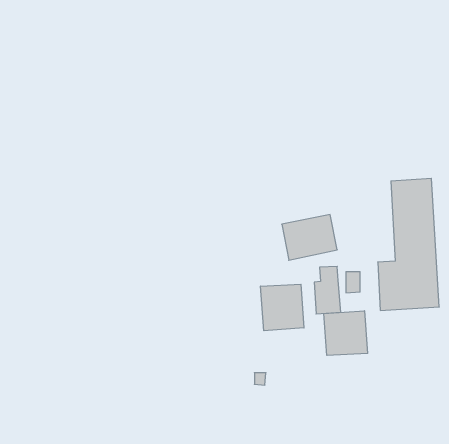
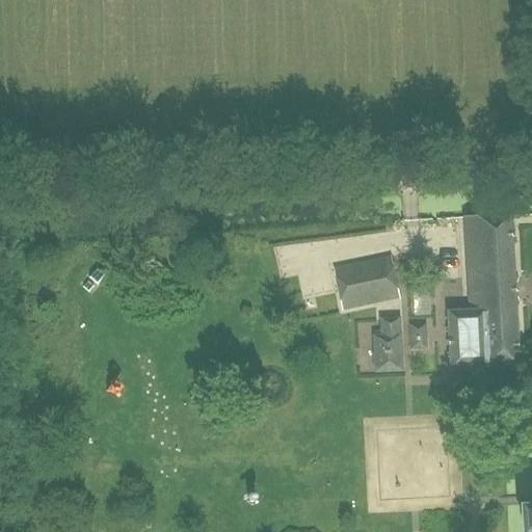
building: [261,284,304,331] -> none
building: [324,311,368,355] -> none

